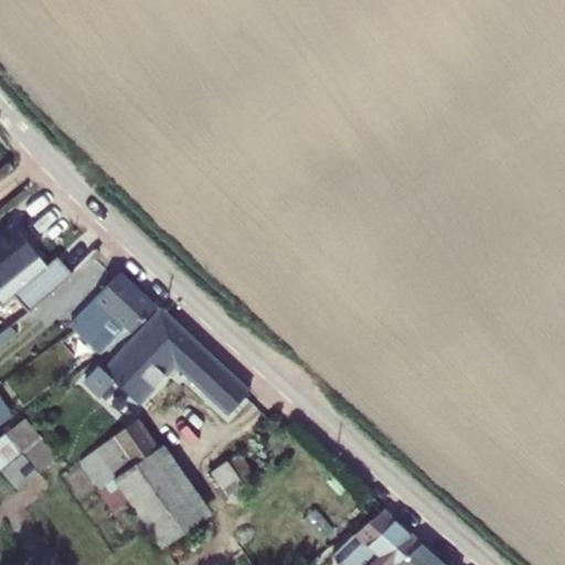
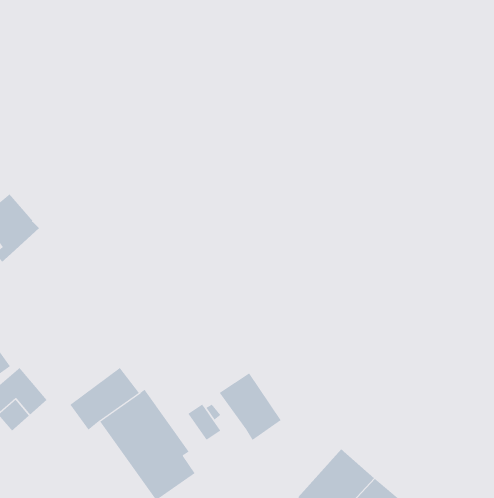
building: [13,254,70,311] -> none
building: [73,271,156,354] -> none
building: [84,310,246,411] -> none
building: none -> [219,373,282,441]

